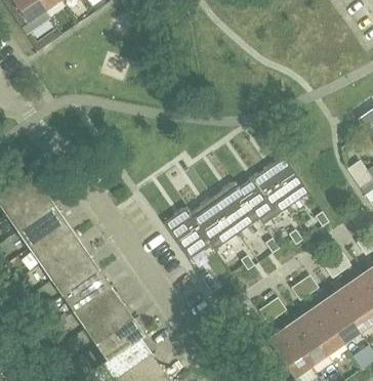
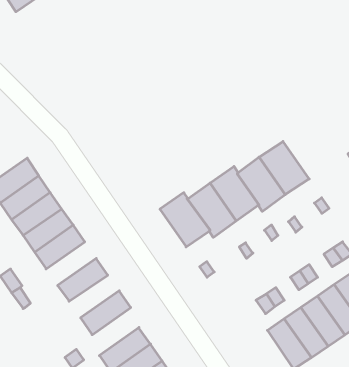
building: [51,253,100,296] -> none
building: [74,286,123,328] -> none
building: [96,318,147,365] -> none

